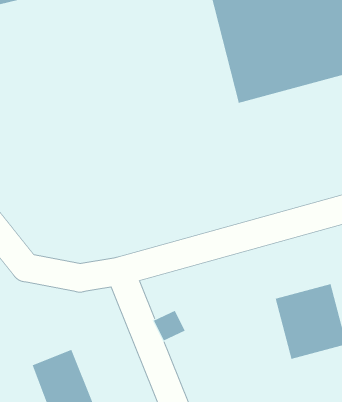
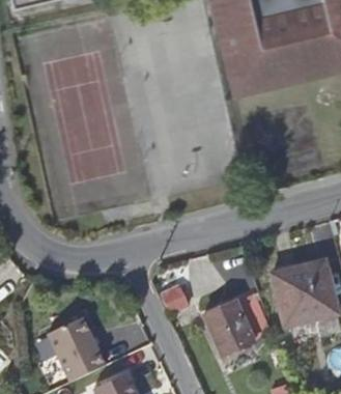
building: none -> [205,298,256,354]

